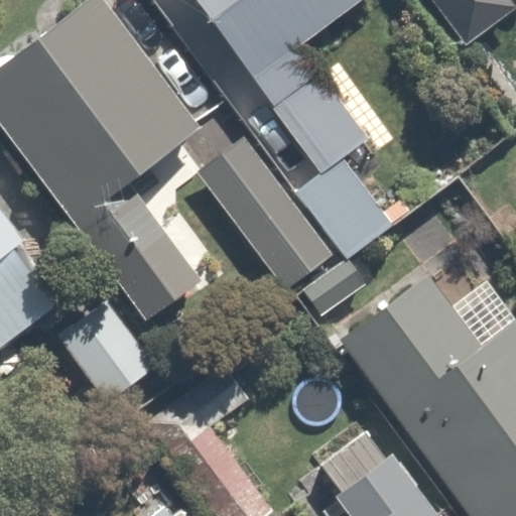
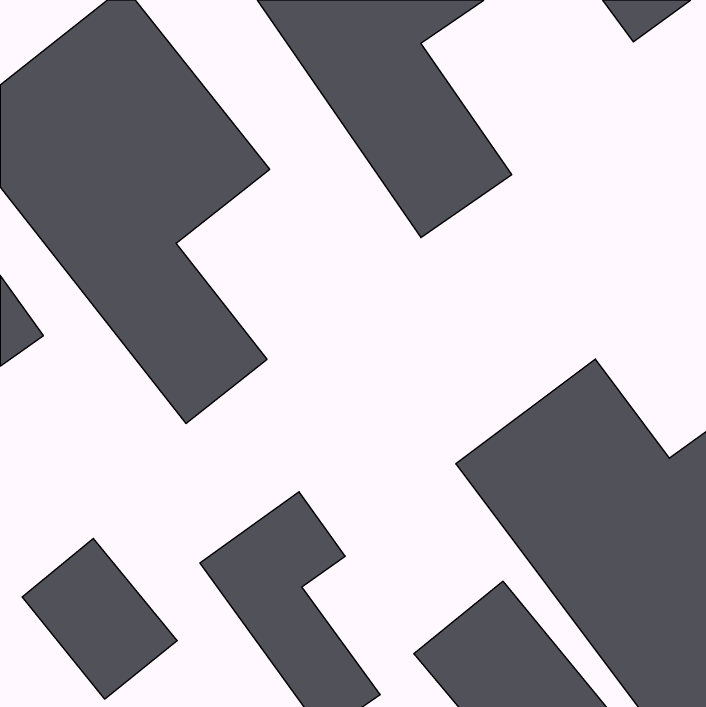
building: [187,131,343,299] -> none
building: [52,297,164,413] -> [22,538,177,699]

